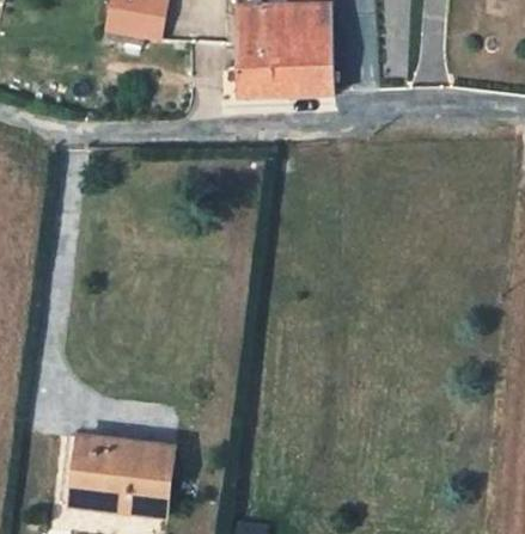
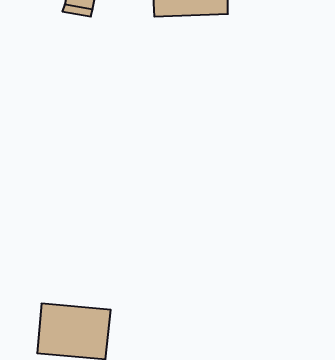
building: [232,37,335,94] -> none

